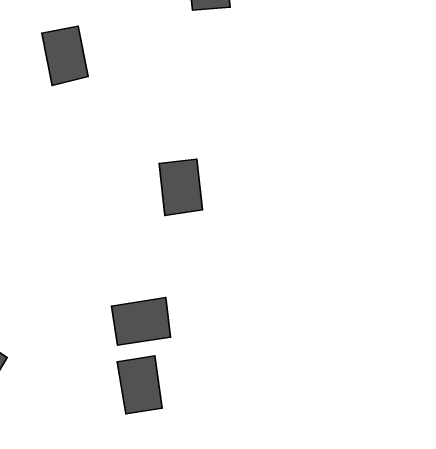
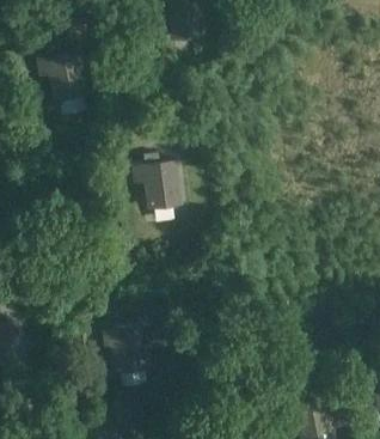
building: [112,298,170,345] -> none

